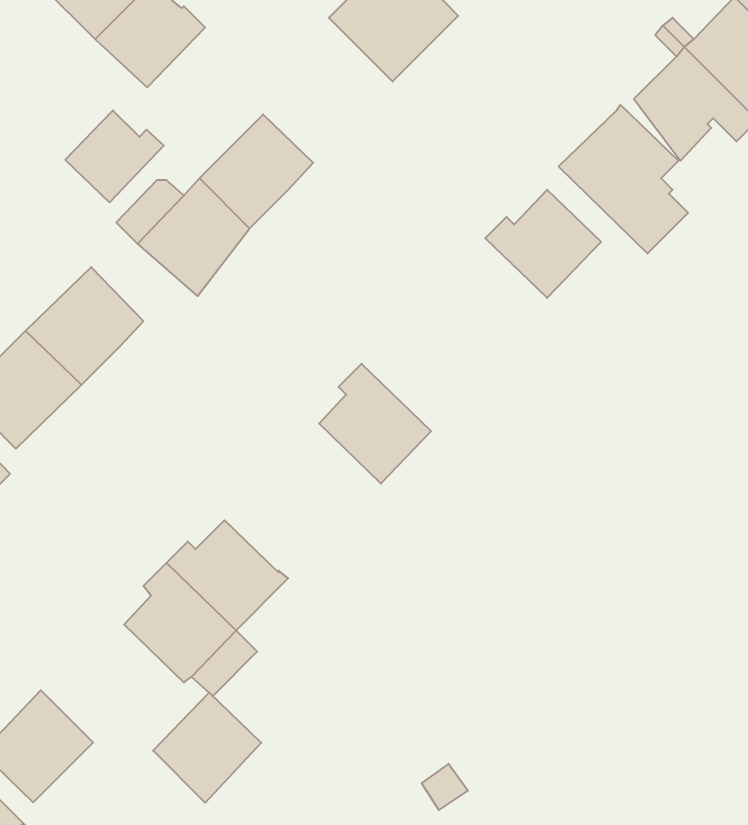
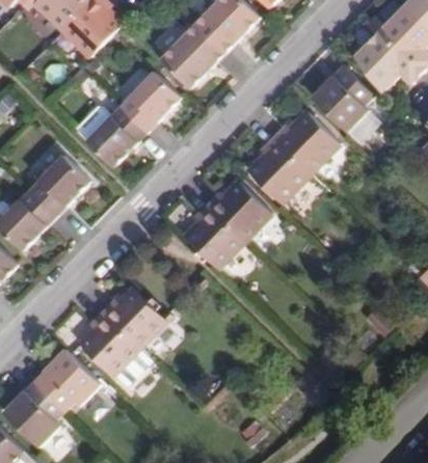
building: none -> [154,19,223,89]
building: [65,110,164,202] -> none
building: none -> [247,137,306,199]
building: none -> [207,181,271,241]
building: [153,693,261,803] -> [34,349,92,408]

